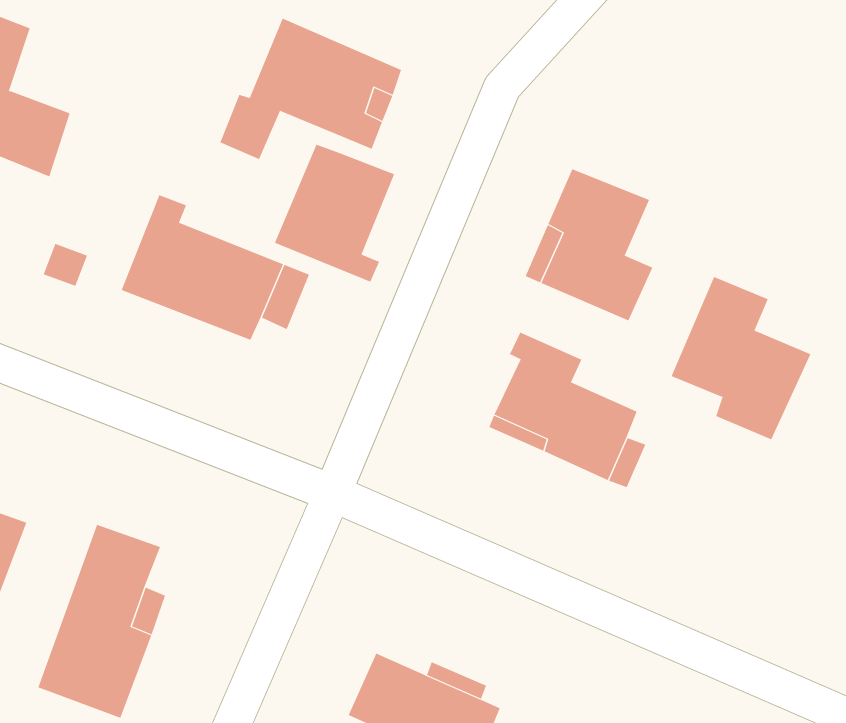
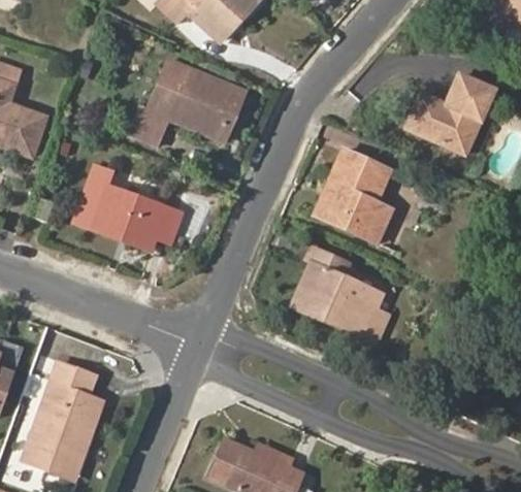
building: none -> [406,75,492,153]
building: [274,144,395,282] -> none
building: [671,276,811,440] -> none

